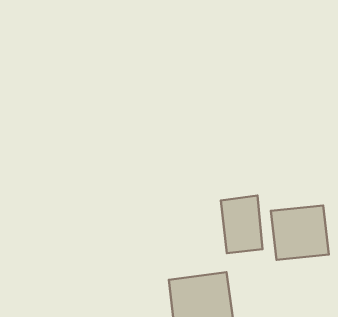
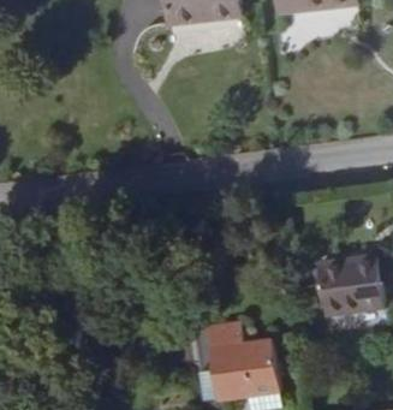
building: [221,196,263,253] -> none

